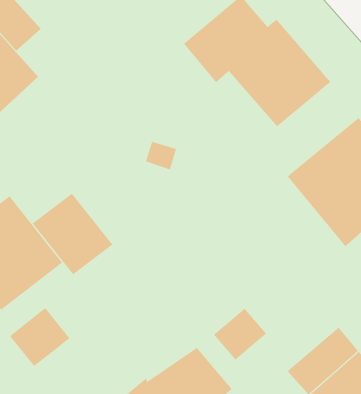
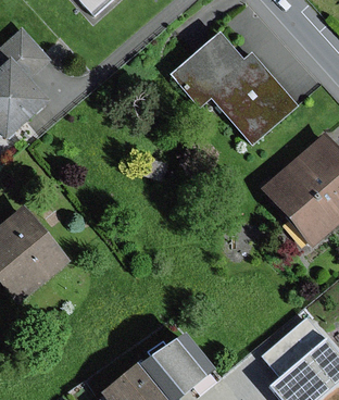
building: [32,193,113,275] -> none
building: [9,307,70,367] -> none
building: [213,308,267,361] -> none

